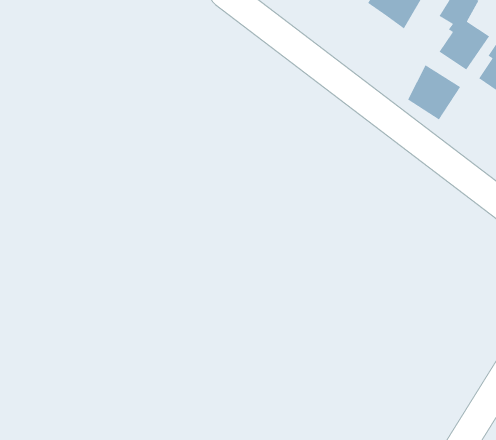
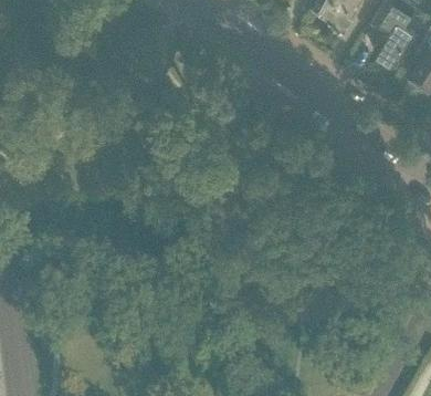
building: [407,64,461,121] -> none

